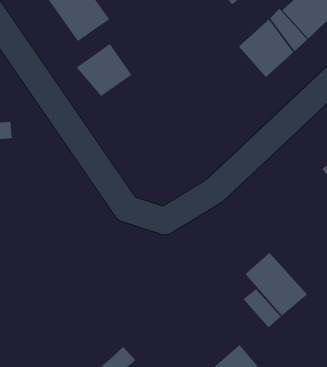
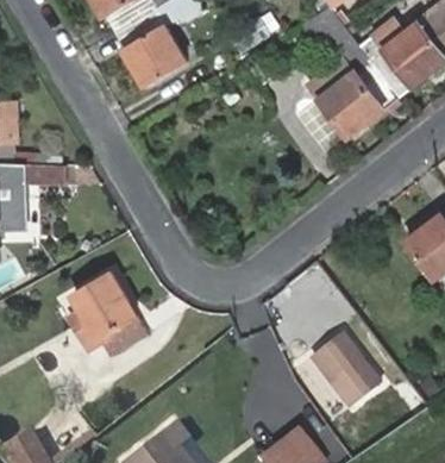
building: [76,43,132,97] -> none
building: none -> [75,271,148,355]

